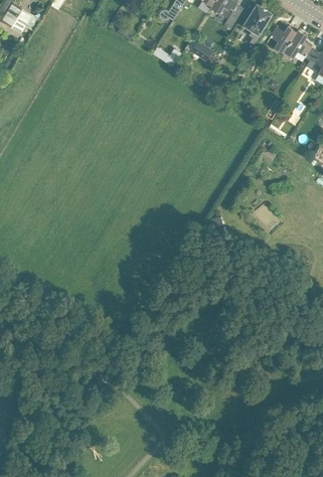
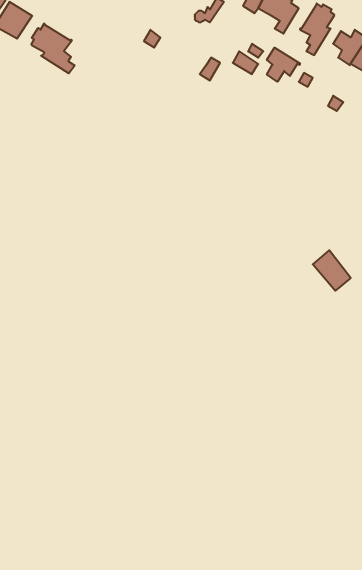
building: none -> [31,23,75,73]
building: none -> [267,48,300,82]

